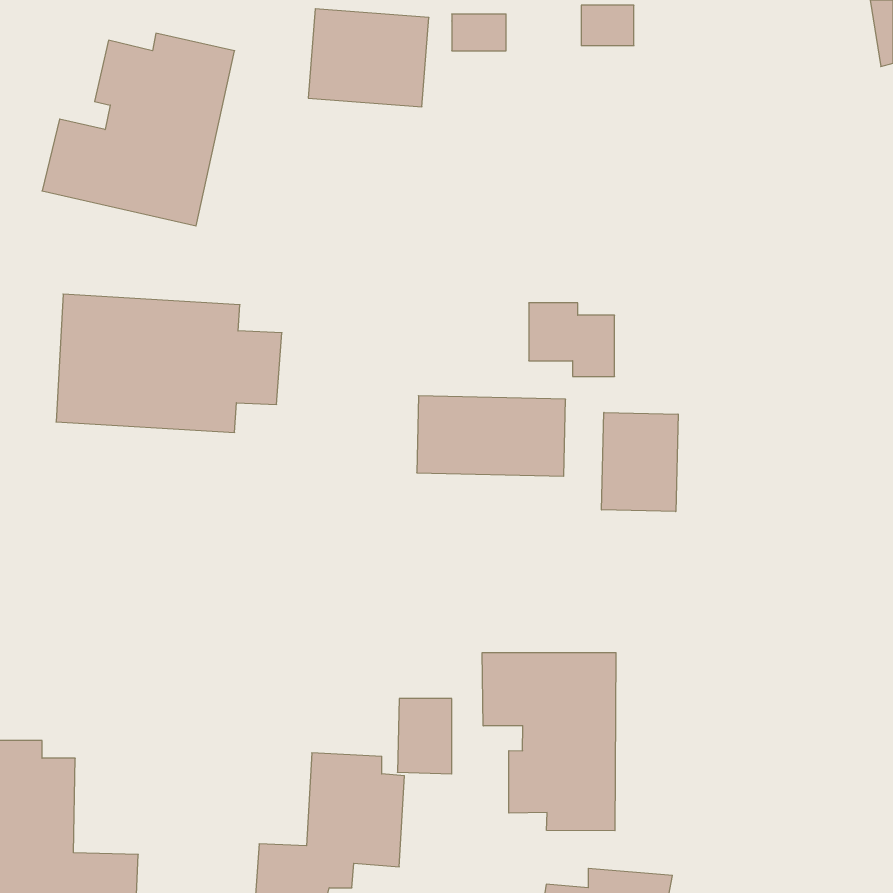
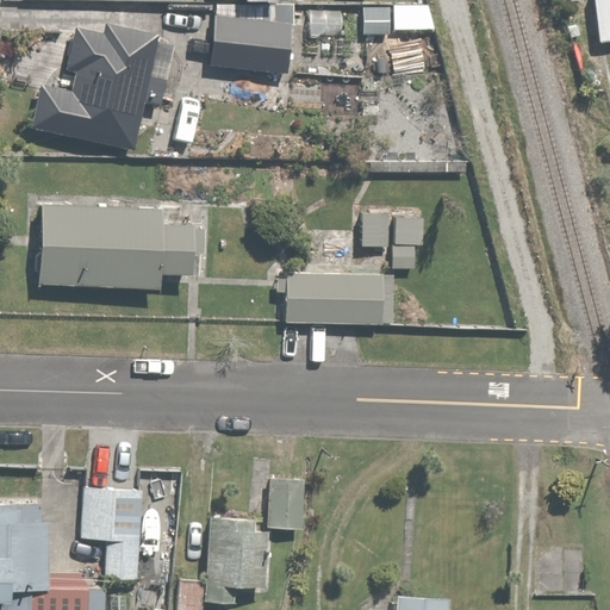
building: [602,412,678,512] -> none
building: [482,653,616,831] -> none
building: none -> [81,484,147,578]

